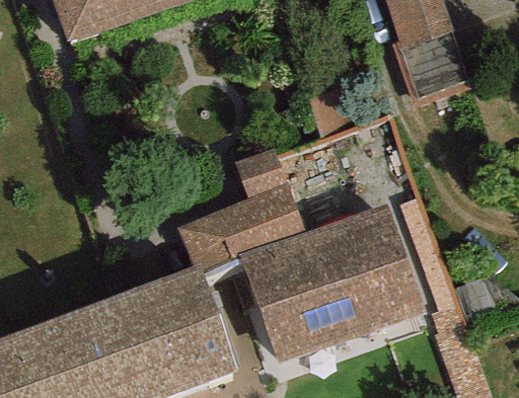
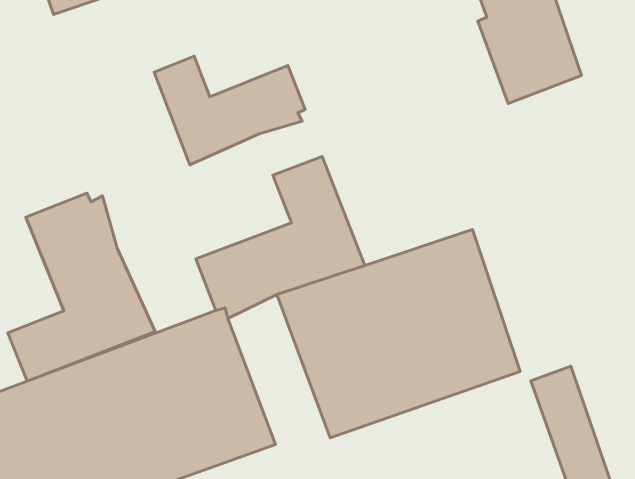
building: none -> [154,56,305,165]
building: none -> [8,193,155,381]

